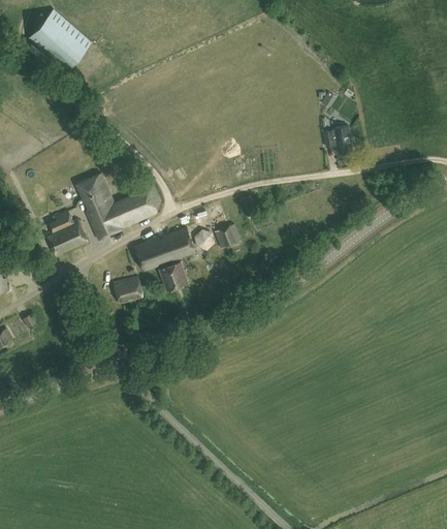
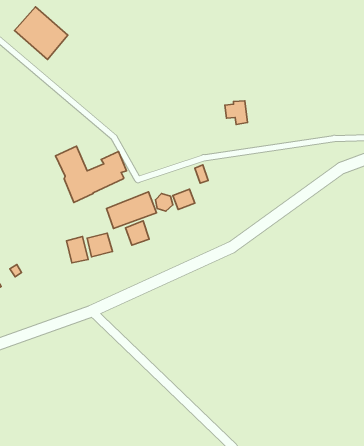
building: [324,126,351,154] -> [225,101,248,124]
building: [47,220,87,256] -> none
building: none -> [67,237,88,263]

